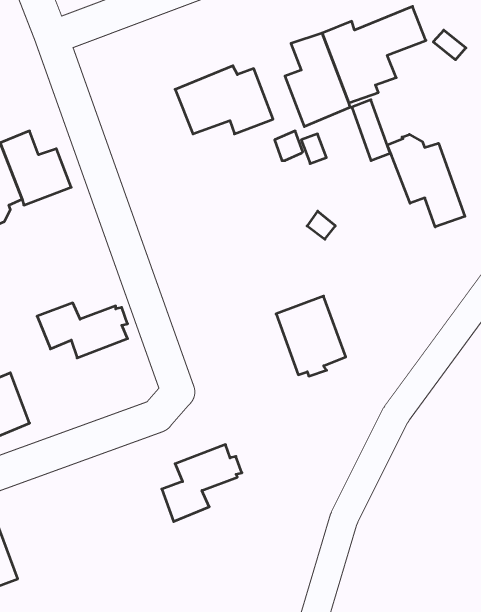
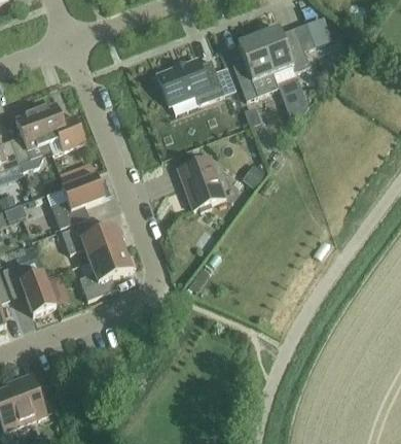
building: [387,134,465,227] -> none
building: none -> [46,174,108,228]
building: [276,296,346,376] -> [177,153,225,209]
building: [162,445,242,522] -> [79,246,135,300]

